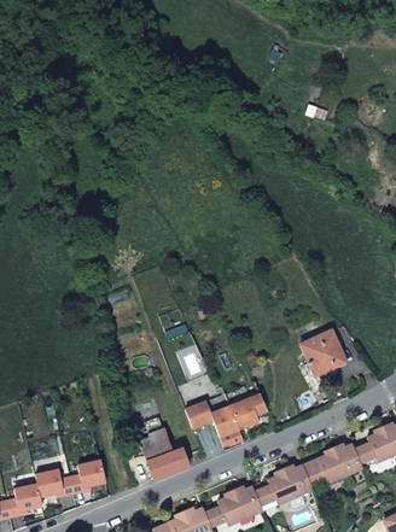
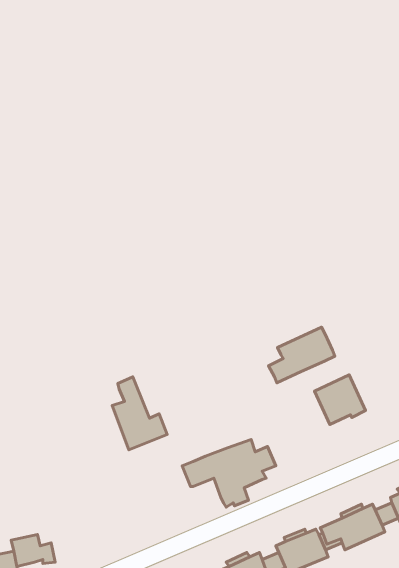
building: none -> [269,327,335,383]
building: [139,416,187,480] -> [112,377,167,450]
building: [70,461,105,495] -> none

